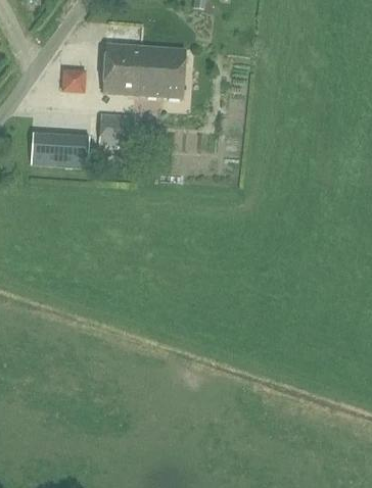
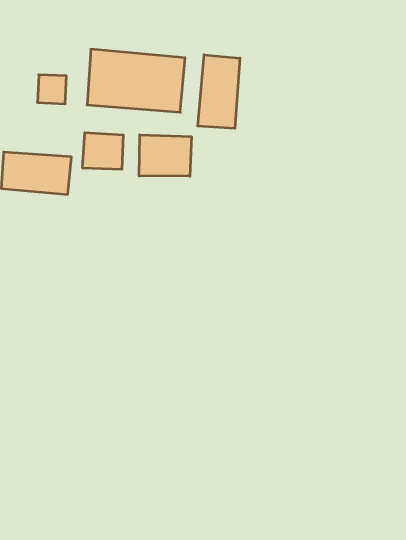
building: none -> [198,55,240,128]
building: none -> [139,135,191,176]

